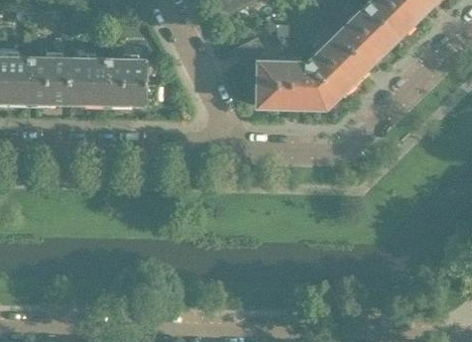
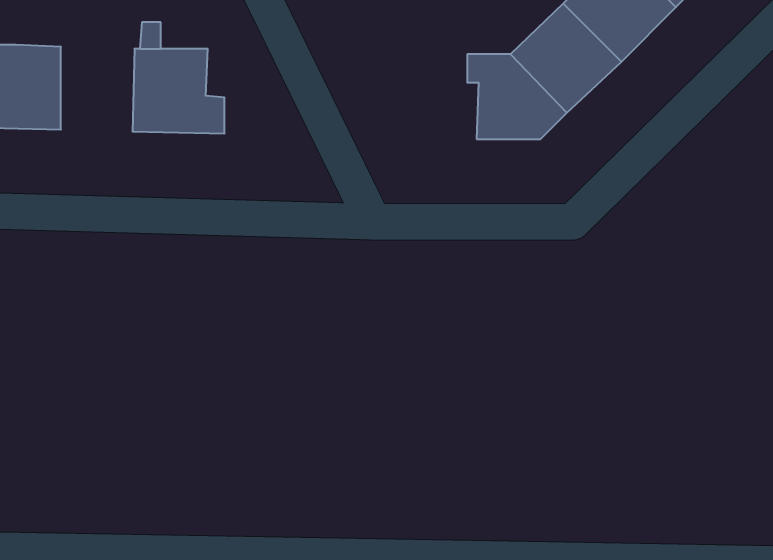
building: [233,39,292,108] -> none
building: [69,59,108,104] -> none

